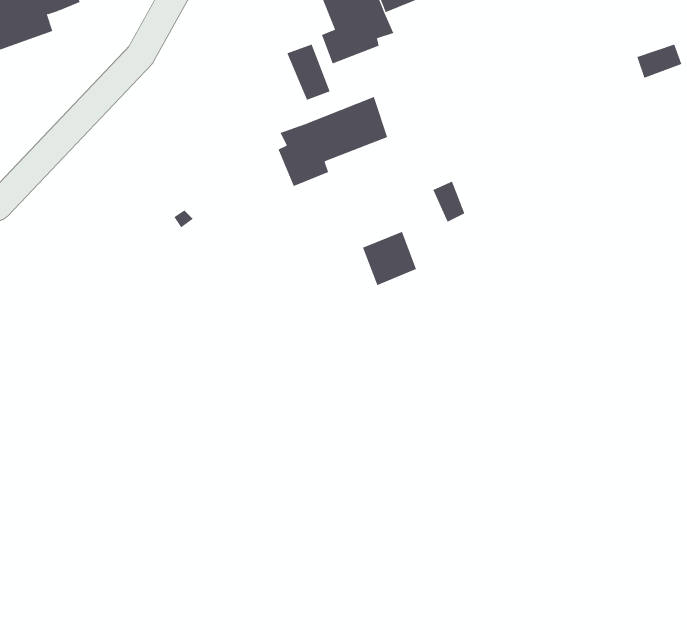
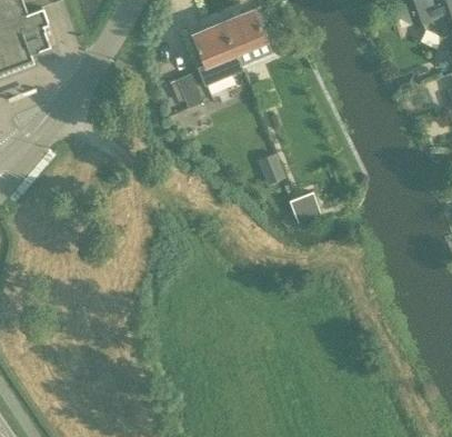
building: [278,96,388,187] -> none
building: [362,231,417,286] -> [289,190,322,224]

